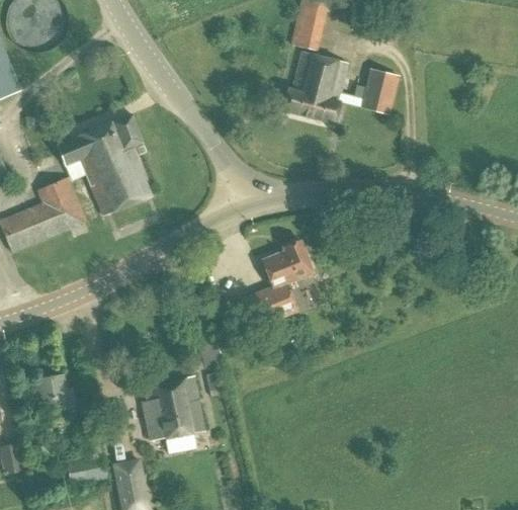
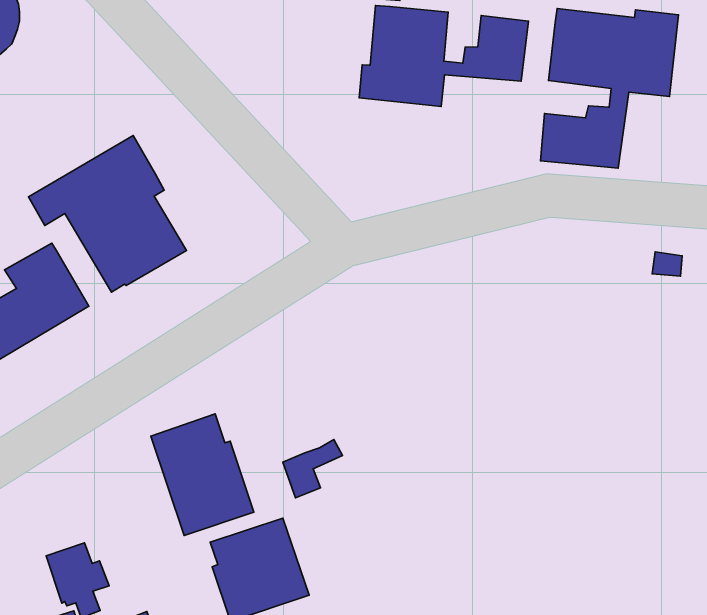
building: none -> [540,9,678,168]
building: [237,240,313,329] -> none
building: none -> [151,414,254,536]

